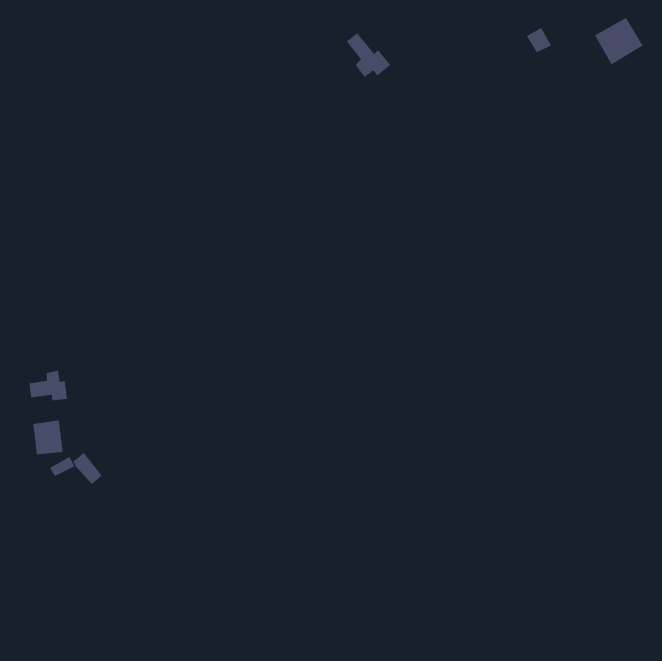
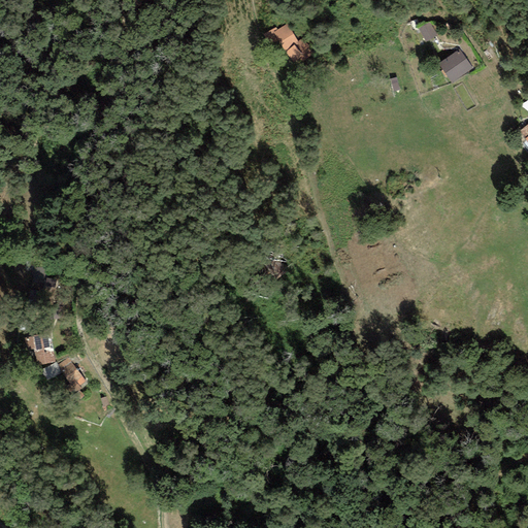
building: [594,17,643,65] -> [435,46,474,85]
building: [29,370,67,401] -> none

